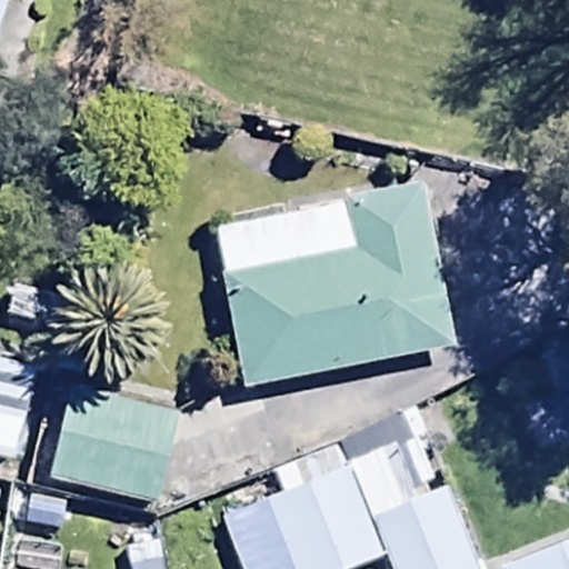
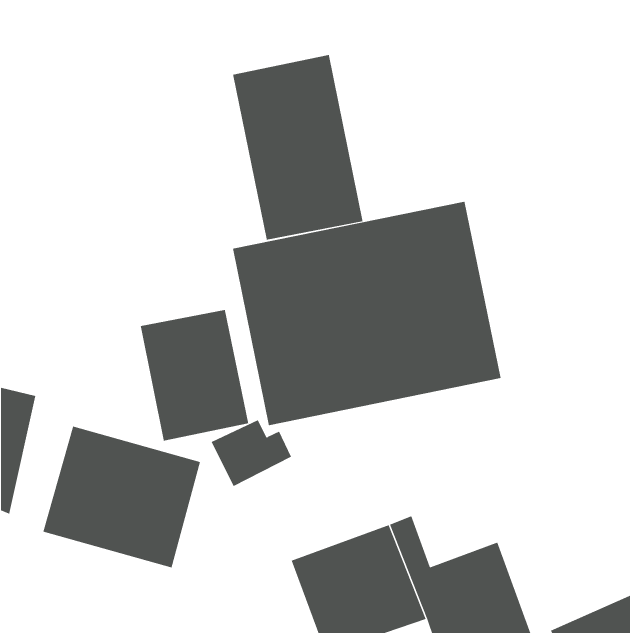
building: none -> [233,54,363,240]
building: none -> [140,309,249,442]

